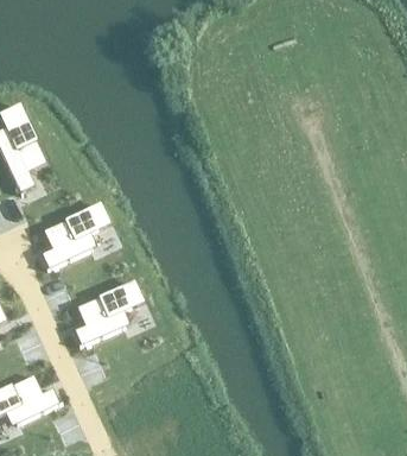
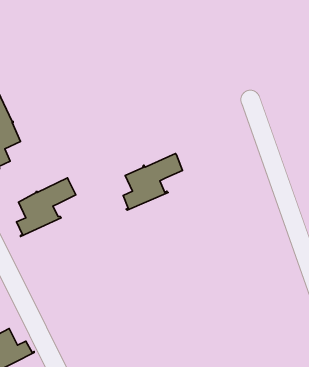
building: [74,281,141,346] -> [123,154,183,210]

